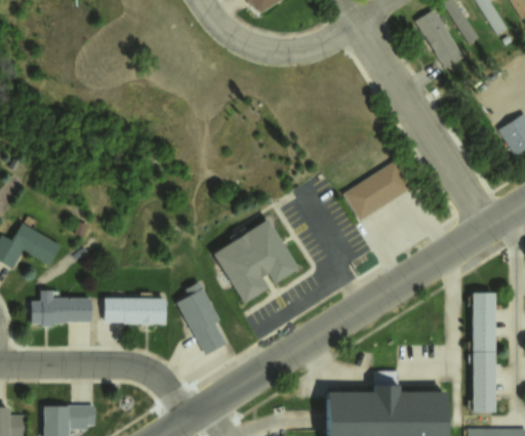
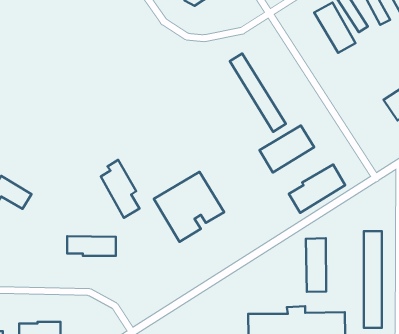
building: none -> [230,53,286,132]
building: none -> [289,164,345,213]
building: [177,281,226,353] -> [101,160,140,218]
building: [31,290,90,325] -> none
building: none -> [306,238,326,292]

